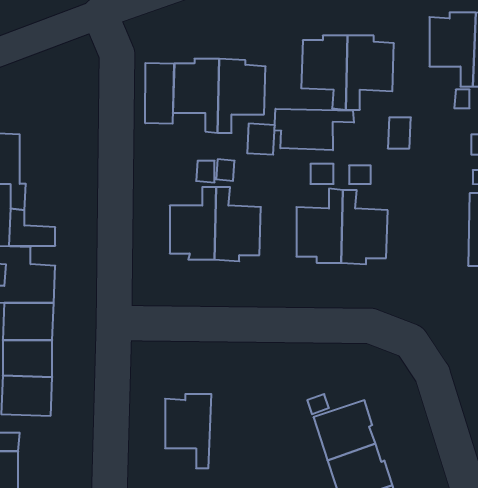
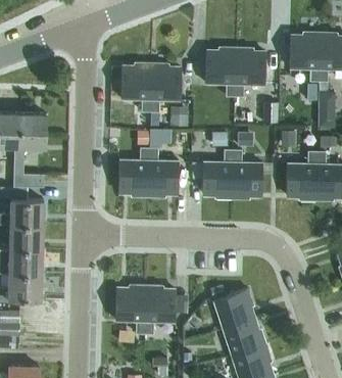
building: [145,63,174,124] -> none
building: [275,109,354,150] -> none
building: none -> [20,113,46,147]
building: none -> [287,151,317,200]
building: none -> [145,285,177,334]

